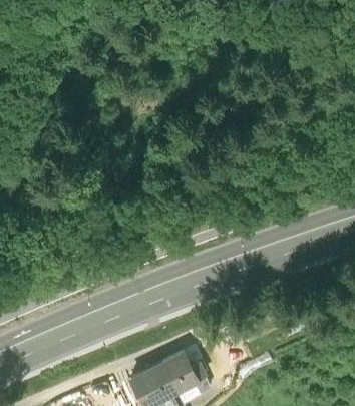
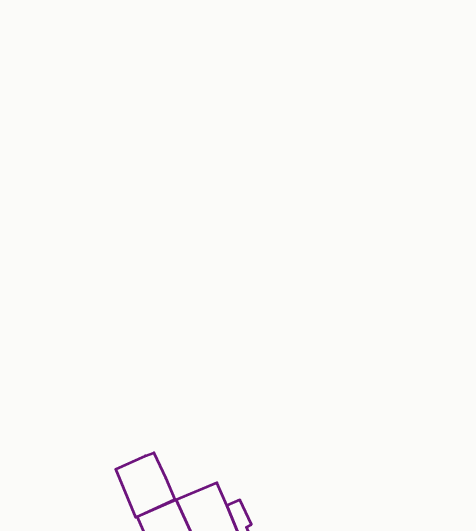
building: none -> [116,453,175,517]

